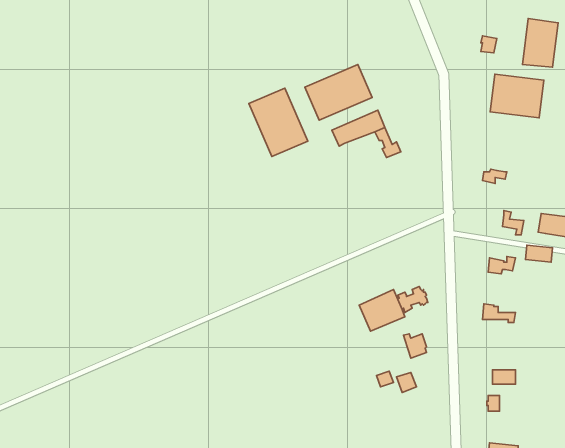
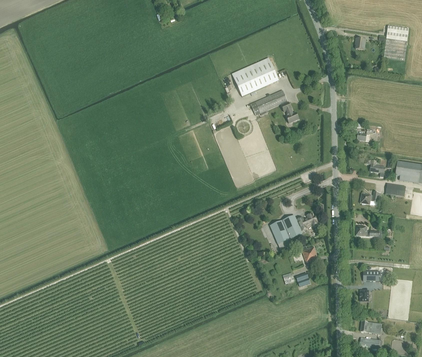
building: [490,74,544,118] -> none
building: [249,88,308,157] -> none

